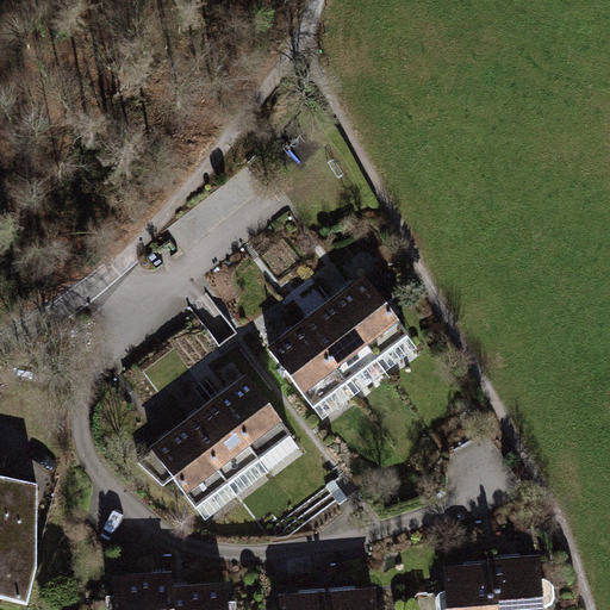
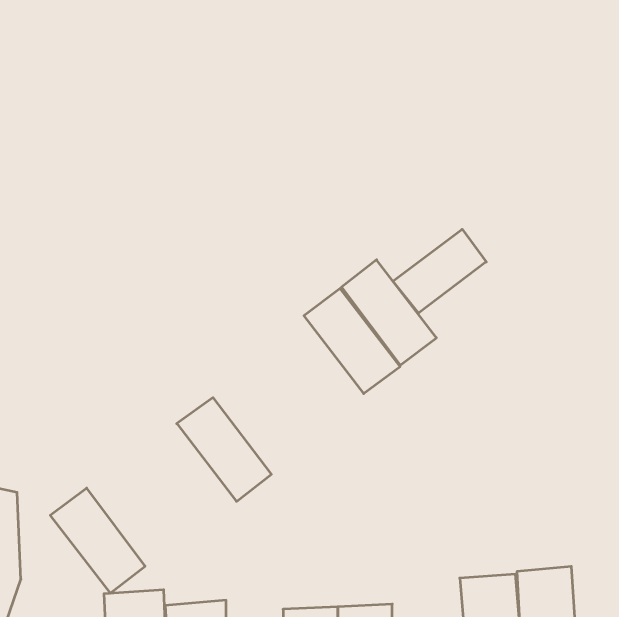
building: none -> [393,229,486,313]
building: [263,325,350,422] -> none
building: [214,374,301,471] -> none
building: [147,425,234,522] -> [50,488,145,593]

